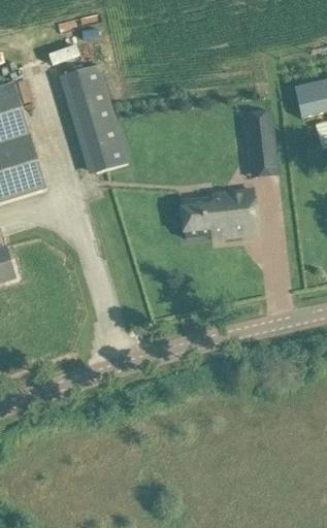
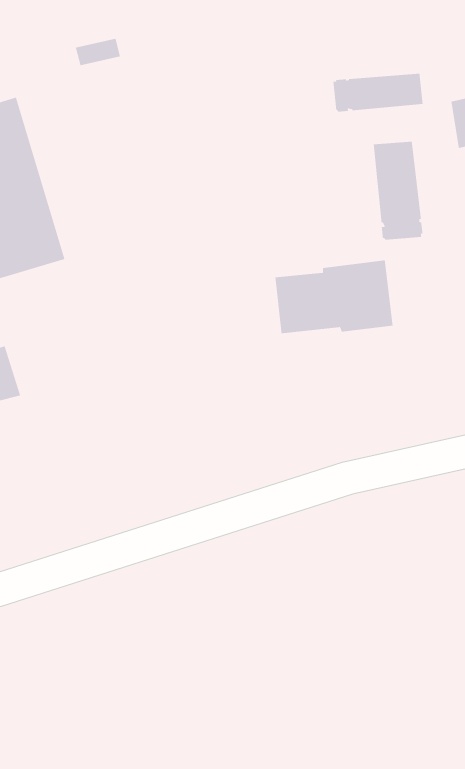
building: [65,64,127,172] -> none
building: none -> [333,73,424,112]

